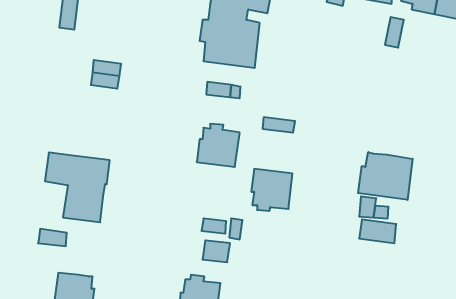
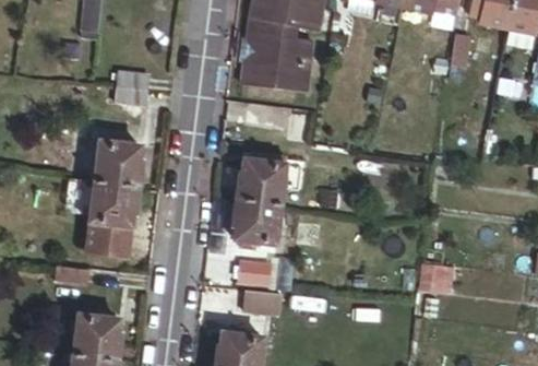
building: none -> [94,147,141,193]
building: [358,152,413,200] -> none
building: [251,169,292,211] -> [234,196,280,244]

